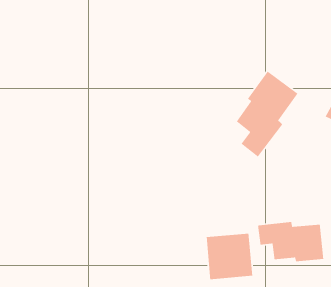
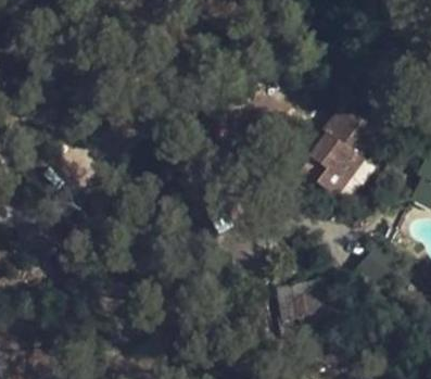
building: [257,221,324,262] -> none

